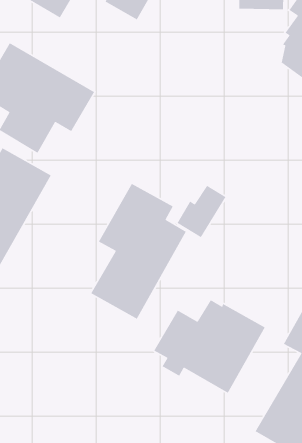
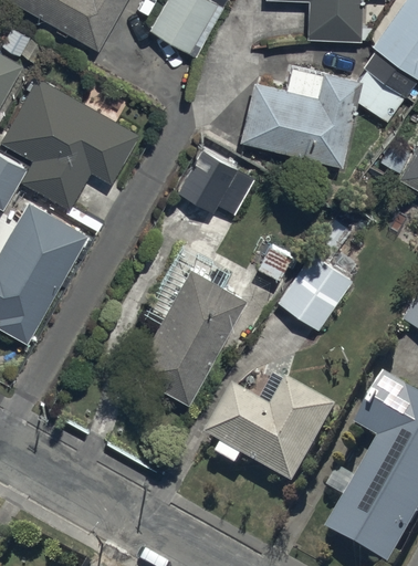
building: none -> [240,66,362,166]
building: none -> [176,148,253,216]
building: none -> [276,250,355,329]

